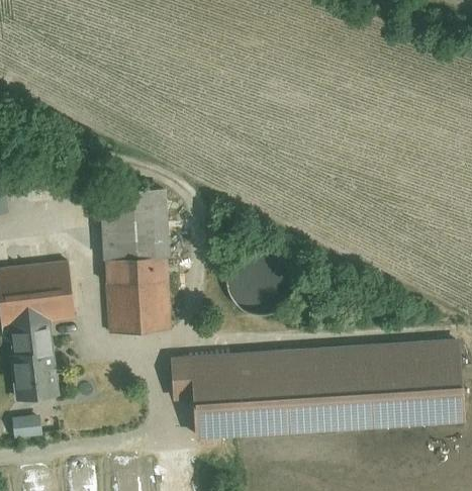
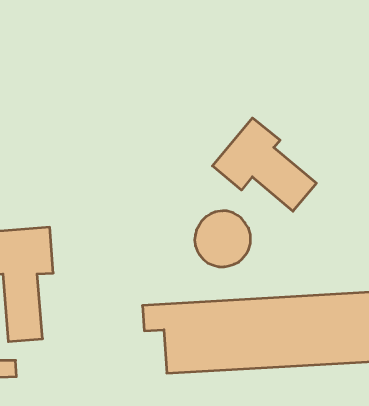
building: none -> [212,118,316,211]
building: [98,189,169,331] -> none

